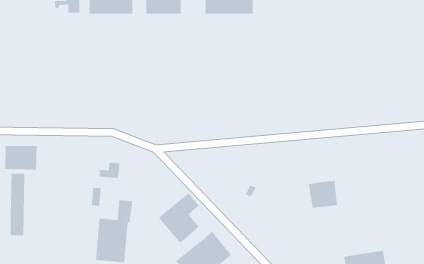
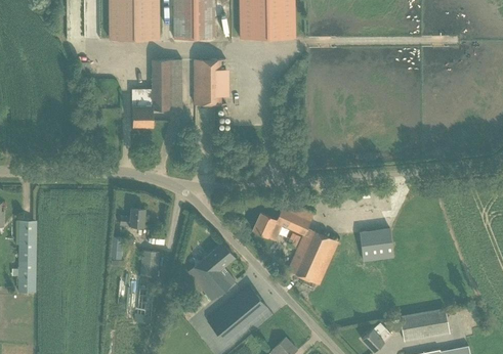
building: none -> [132,60,181,128]
building: none -> [194,60,225,105]
building: [5,145,37,171] -> none
building: none -> [252,201,338,285]

